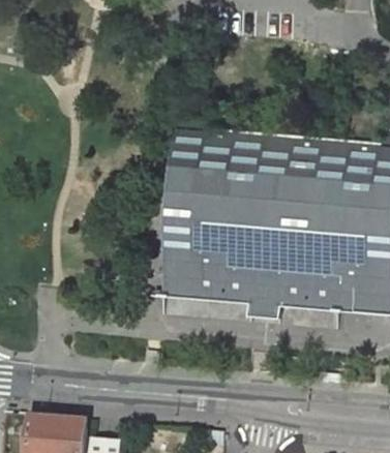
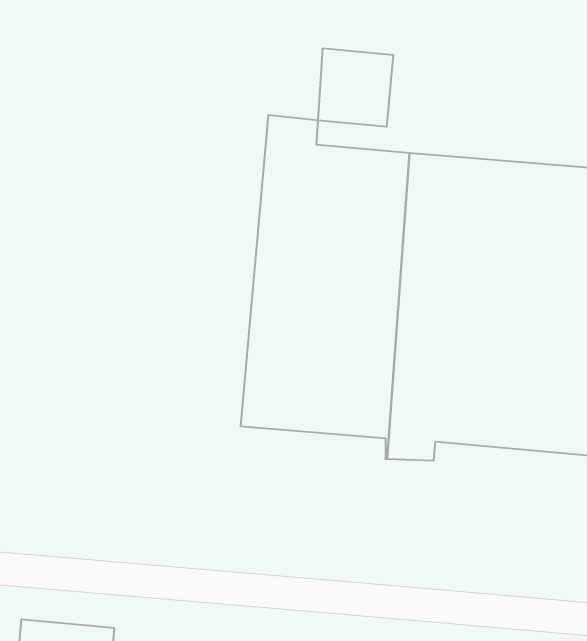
building: none -> [318,48,393,127]

